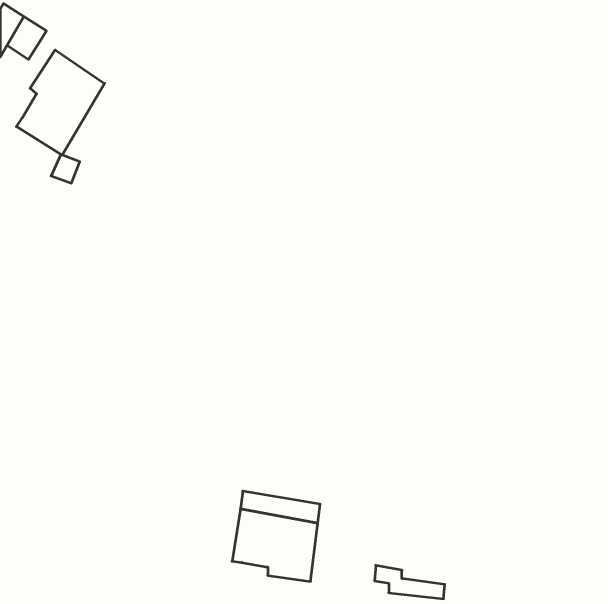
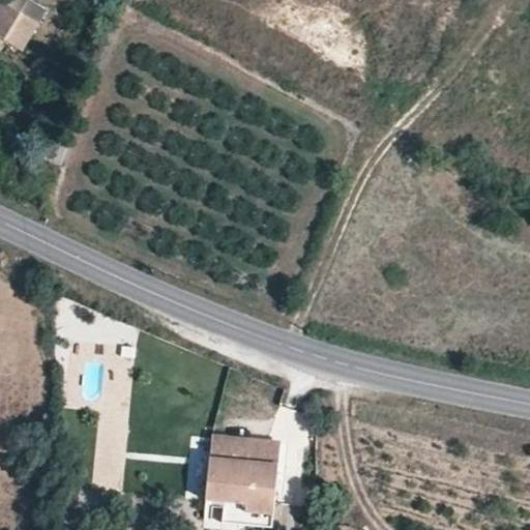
building: [16,50,105,155] -> none
building: [375,565,445,599] -> [209,490,270,519]

